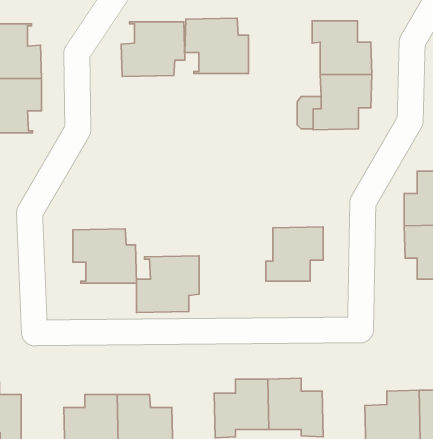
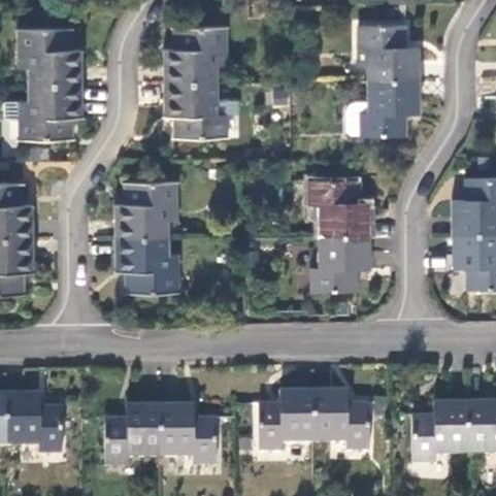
building: [185,18,248,74] -> [164,79,229,136]
building: none -> [309,178,370,235]
building: [136,256,199,312] -> [114,179,178,237]

